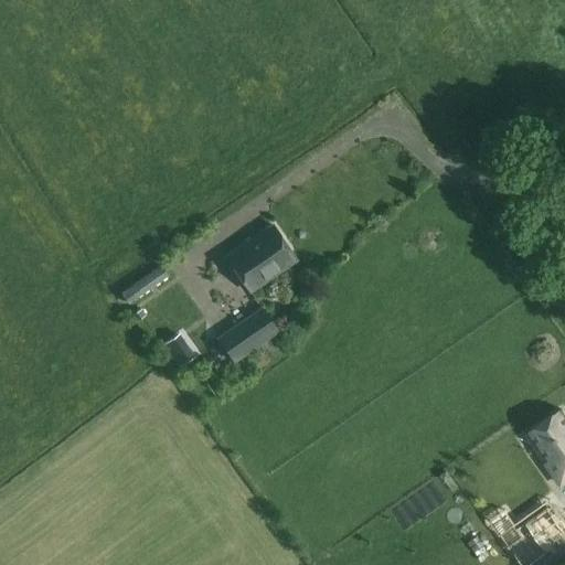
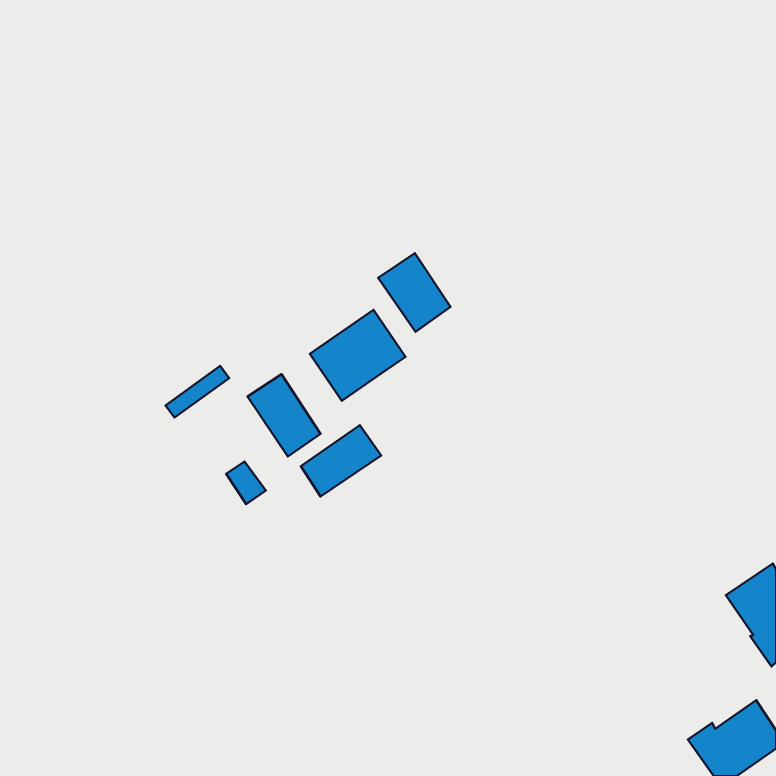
building: none -> [378,253,451,332]
building: none -> [247,374,321,457]

